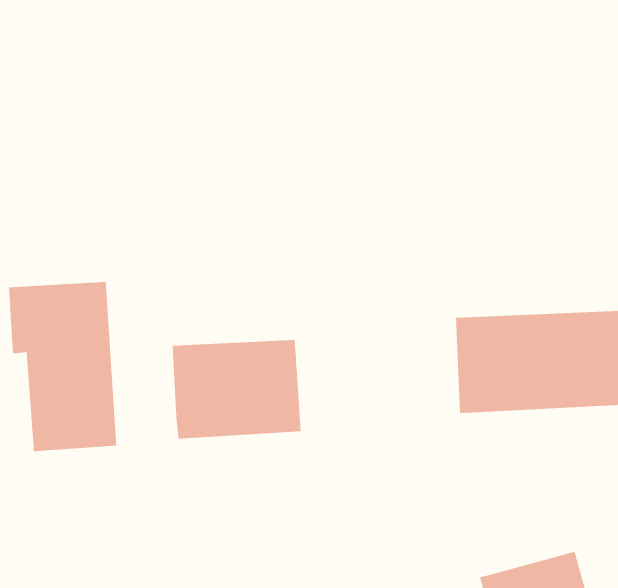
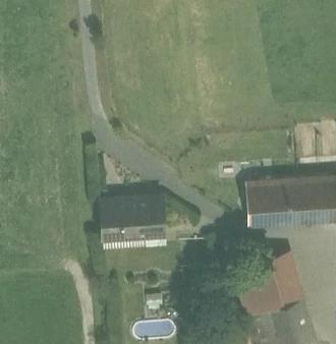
building: [9,281,117,452] -> none
building: none -> [245,260,304,310]

